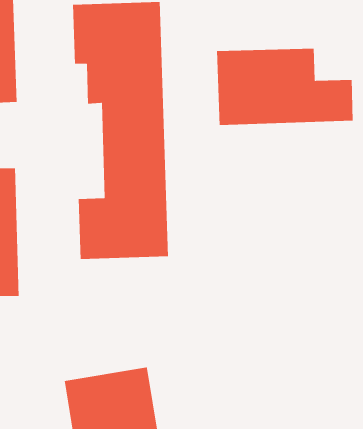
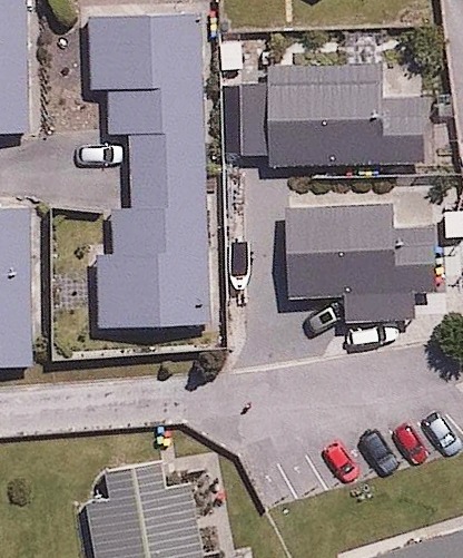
building: none -> [290,200,436,325]

